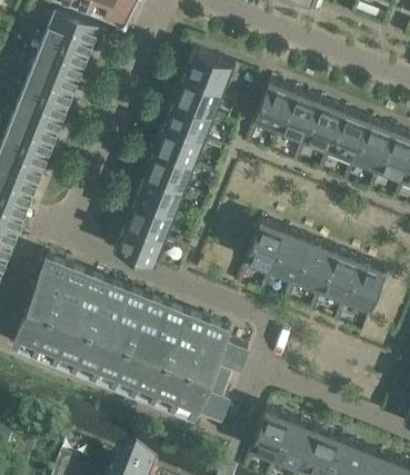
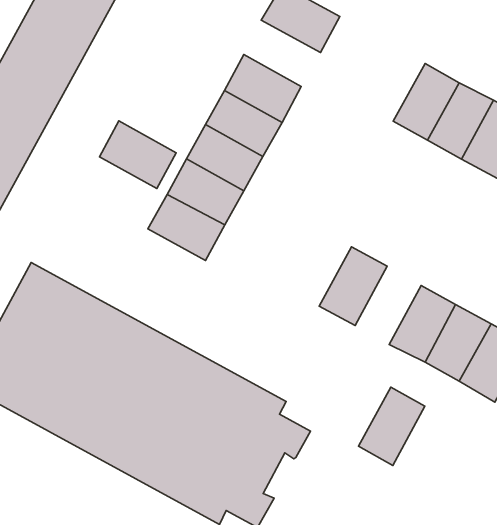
building: [172,75,223,116] -> none
building: [251,79,294,131] -> none
building: [112,224,163,266] -> [99,121,176,189]
building: [269,229,310,281] -> [359,387,425,465]

